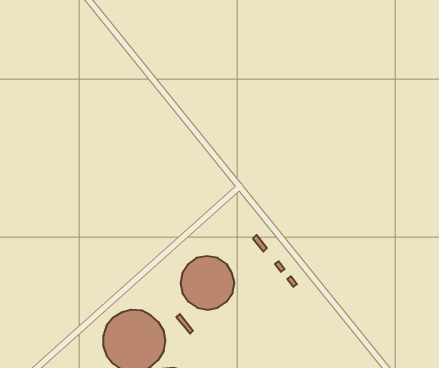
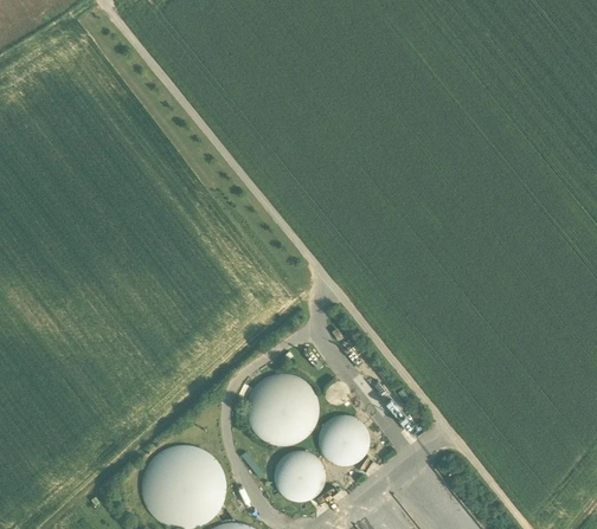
building: none -> [317,414,370,465]
building: none -> [274,450,326,501]

